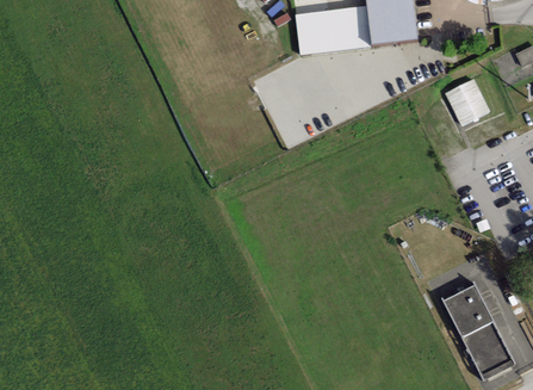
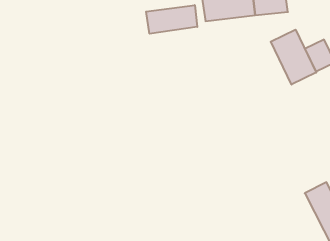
building: none -> [146,5,197,34]
building: none -> [271,30,316,85]

